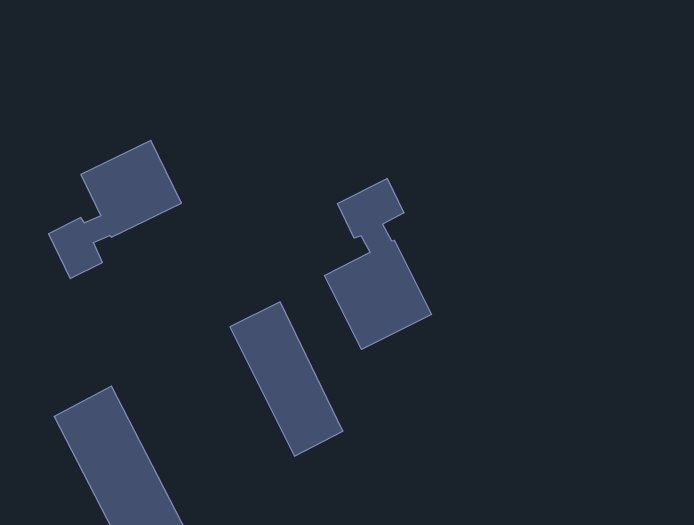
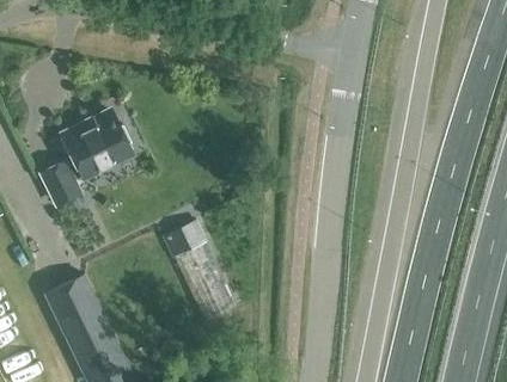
building: [325,178,431,349] -> none

